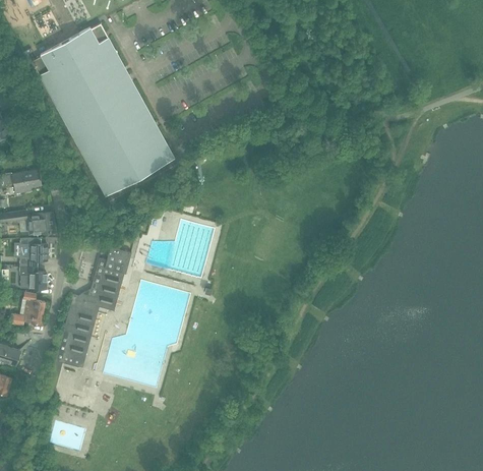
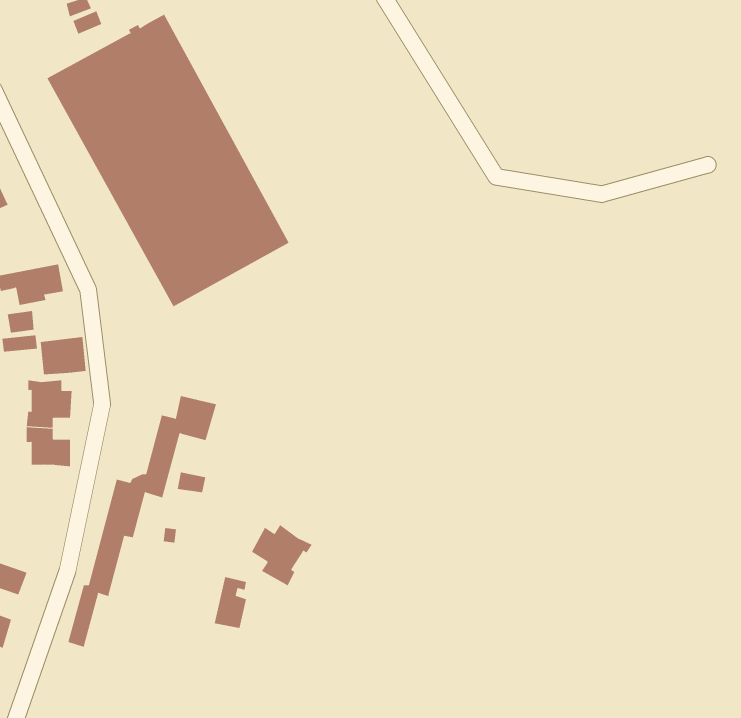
building: [10,293,45,327] -> none
building: none -> [251,524,312,586]
building: [75,332,95,362] -> [214,576,247,629]

